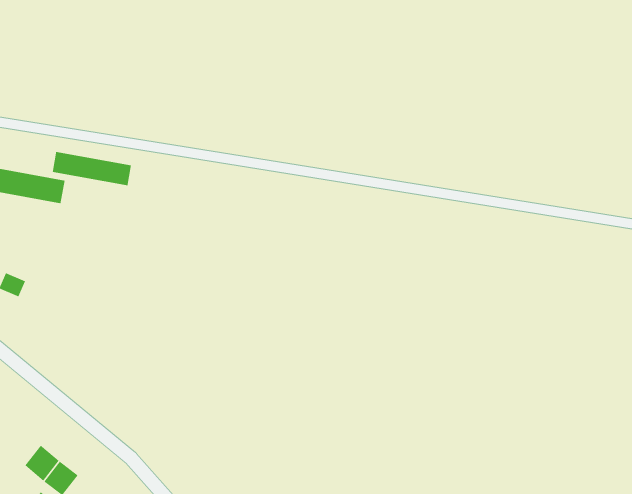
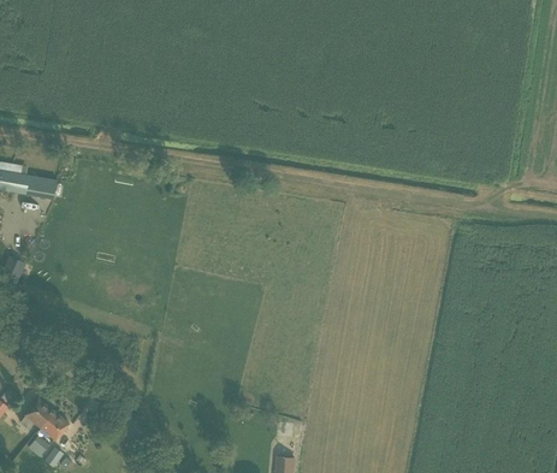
building: [52,151,132,186] -> none

